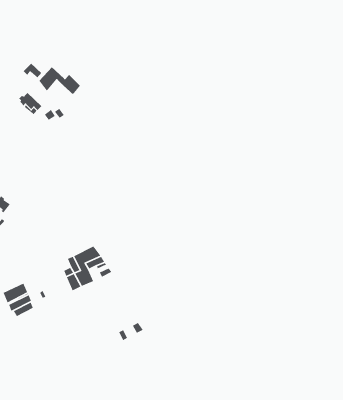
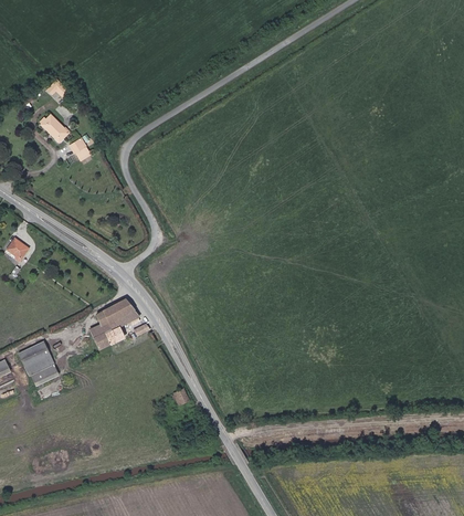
building: [39,66,81,95] -> none

